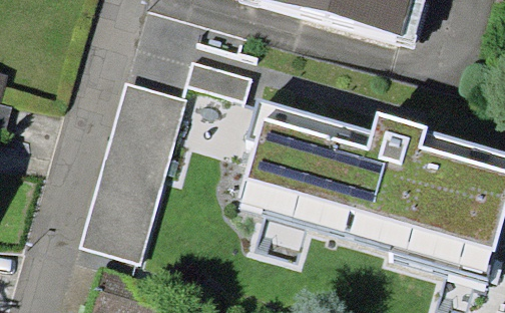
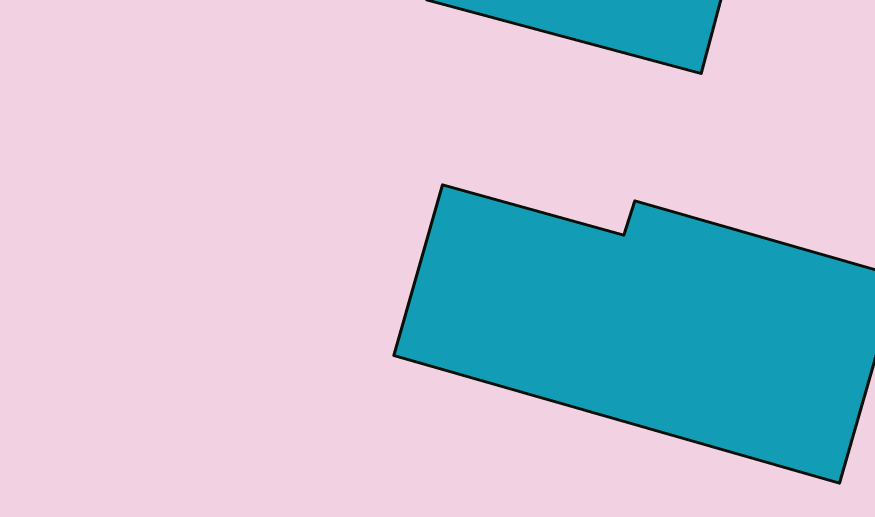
building: [84,85,193,268] -> none

